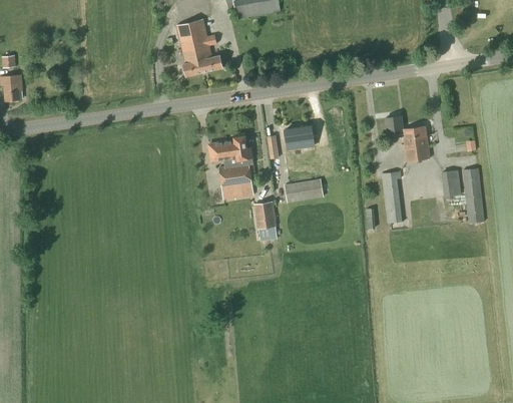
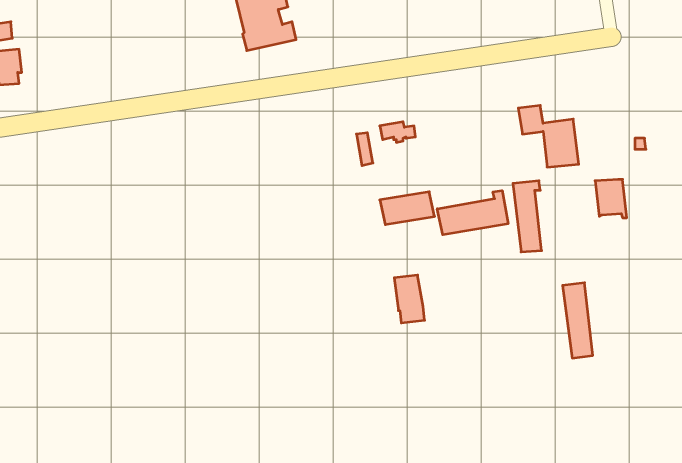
building: [208,135,253,194] -> none
building: [462,167,484,223] -> [563,283,593,358]
building: none -> [437,191,508,235]
building: [254,202,277,237] -> [394,275,425,323]

